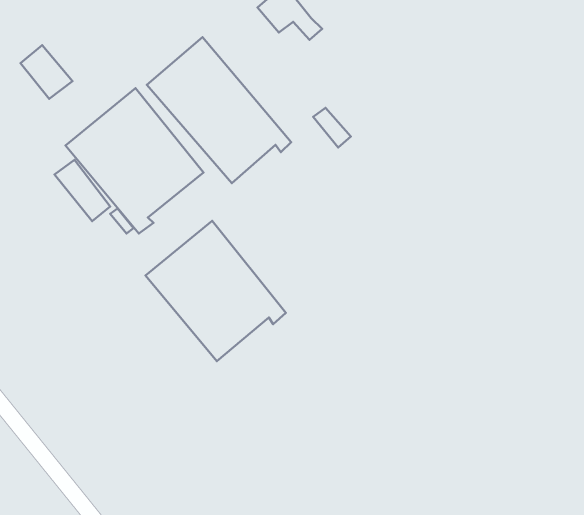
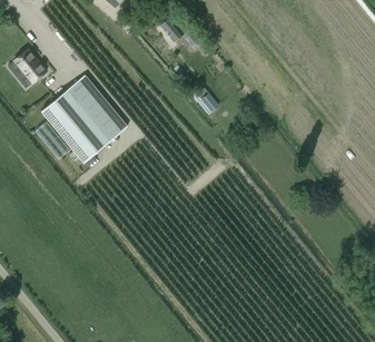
building: [147,37,291,183] -> none
building: [146,221,286,361] -> none

